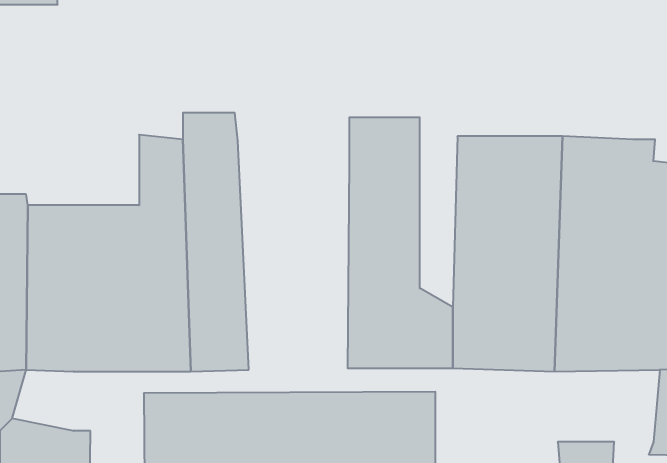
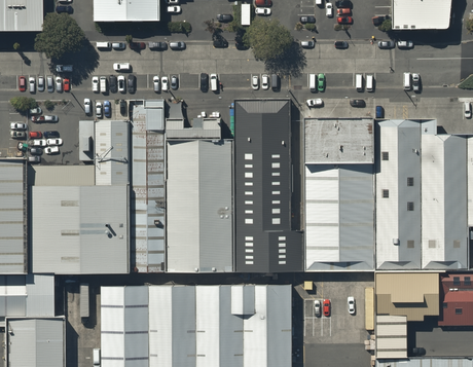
building: none -> [161,116,234,272]
building: none -> [13,272,53,313]
building: none -> [369,272,438,320]

